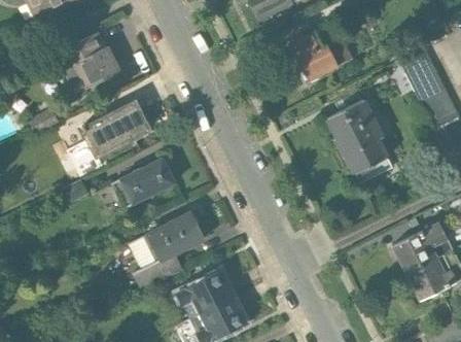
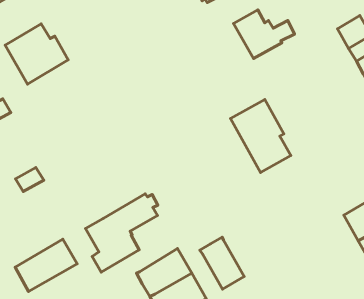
building: [328,98,388,172] -> [230,100,291,172]
building: [84,101,149,153] -> none
building: [113,156,177,207] -> [15,239,77,292]
building: none -> [200,237,244,289]

